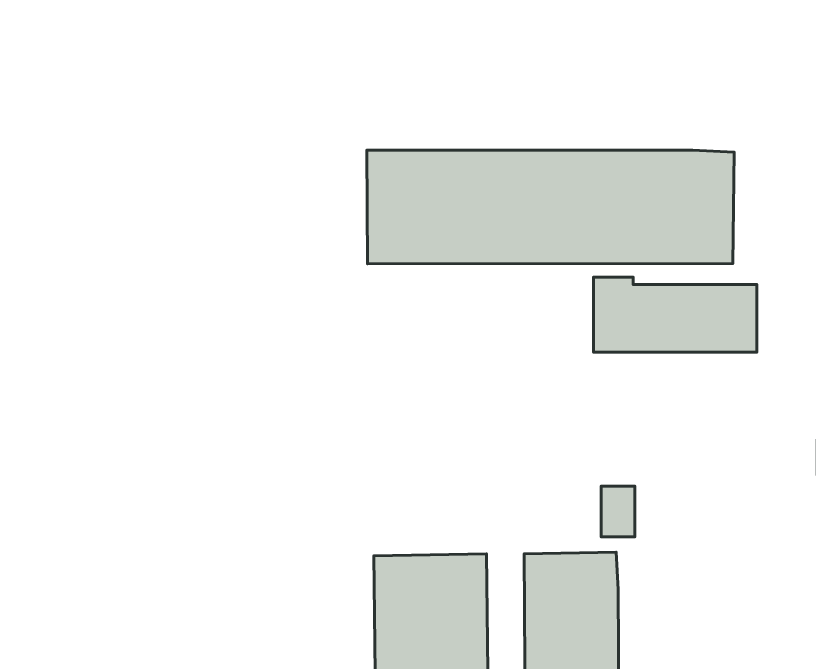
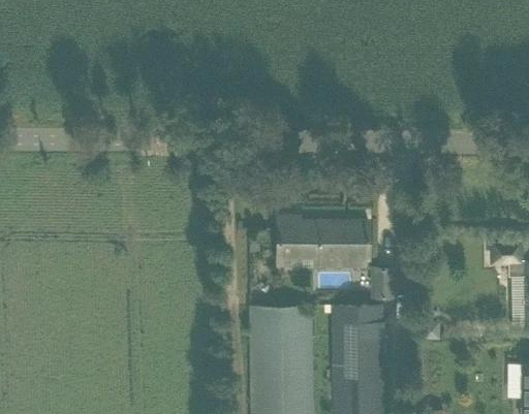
building: [367,150,734,264] -> none
building: [594,277,757,352] -> [278,219,368,260]

